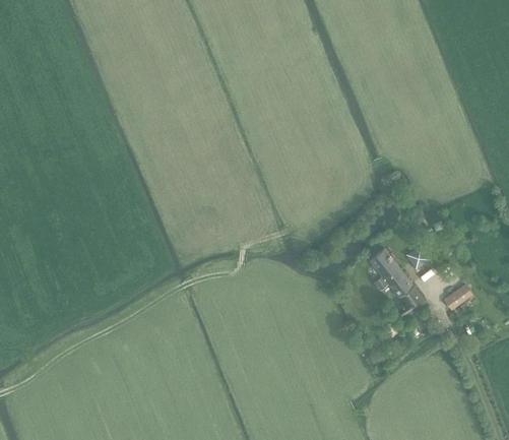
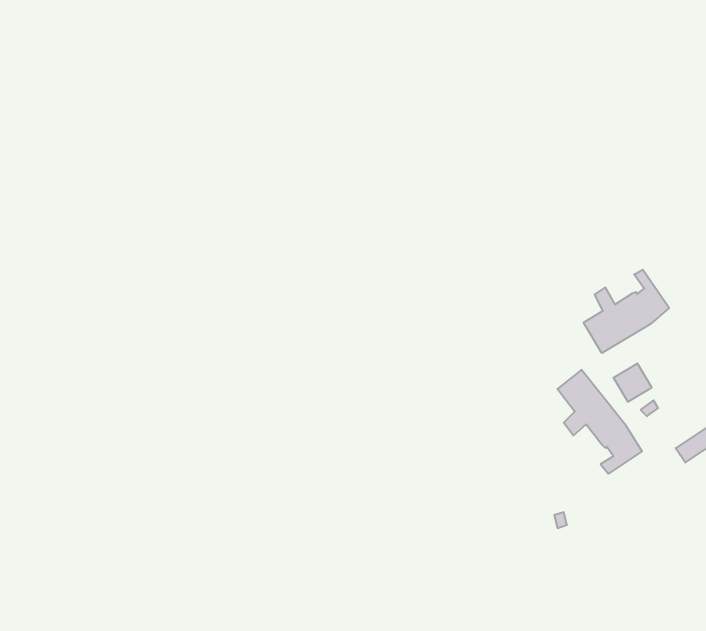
building: none -> [584,270,669,353]

